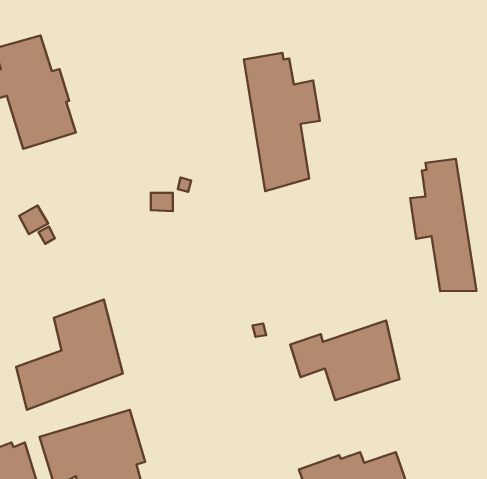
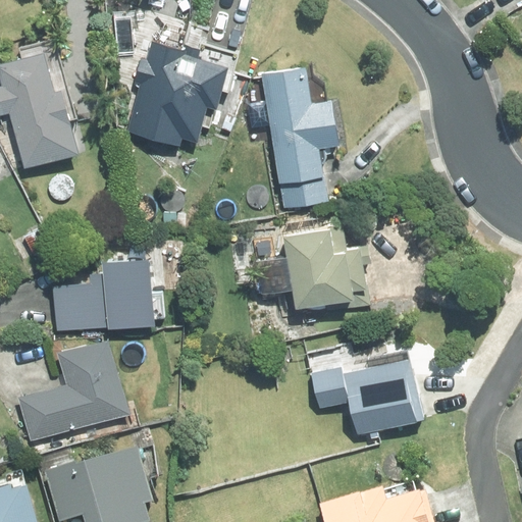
building: none -> [126,43,227,148]
building: [410,159,476,291] -> none
building: none -> [284,222,370,319]
building: none -> [51,251,164,332]

